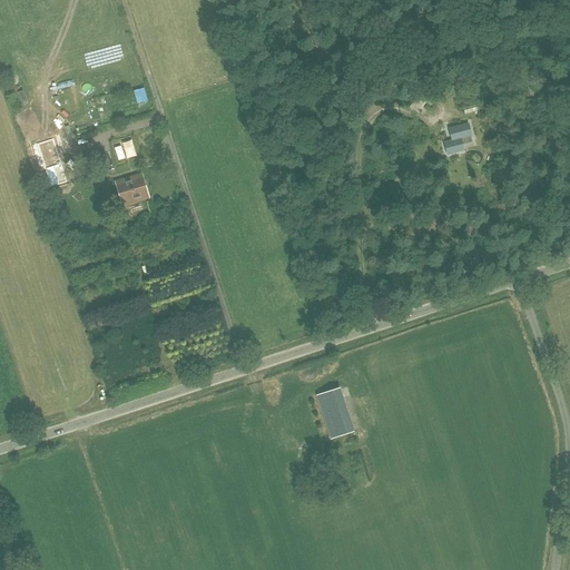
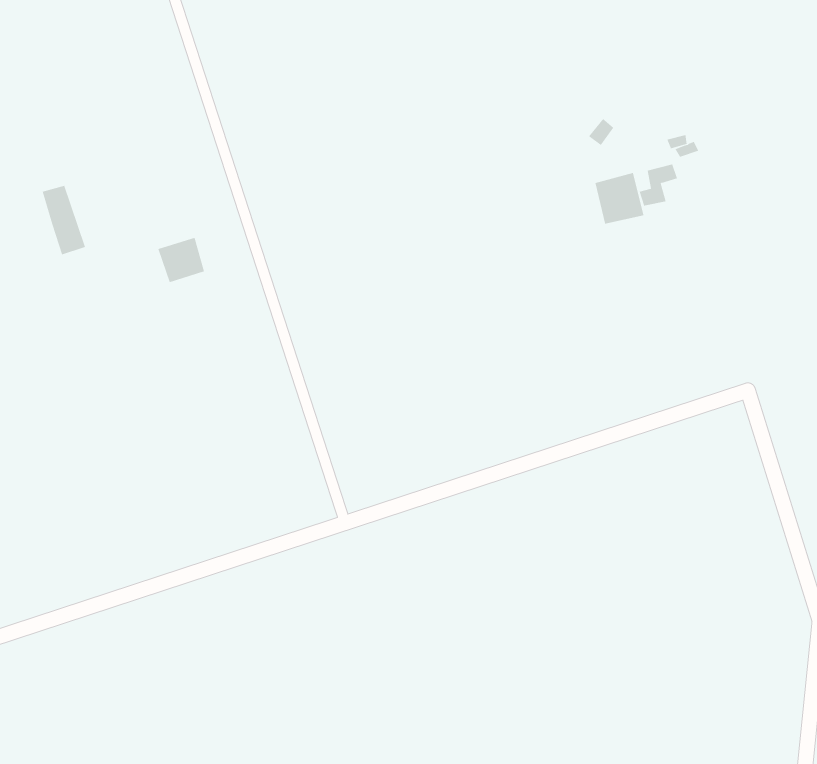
building: none -> [595,172,644,225]
building: [316,387,353,438] -> none

